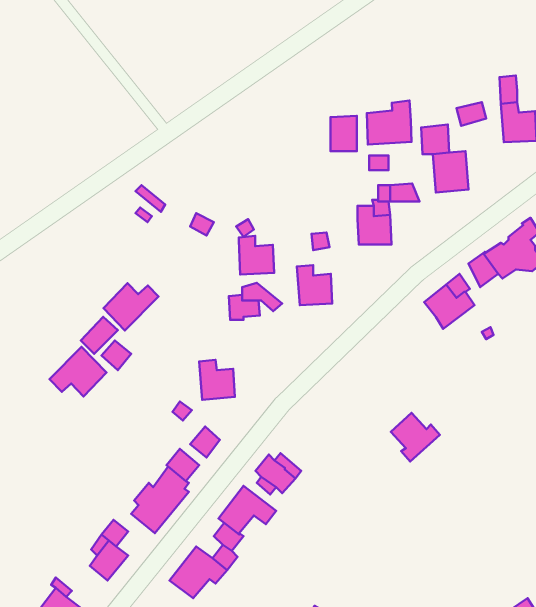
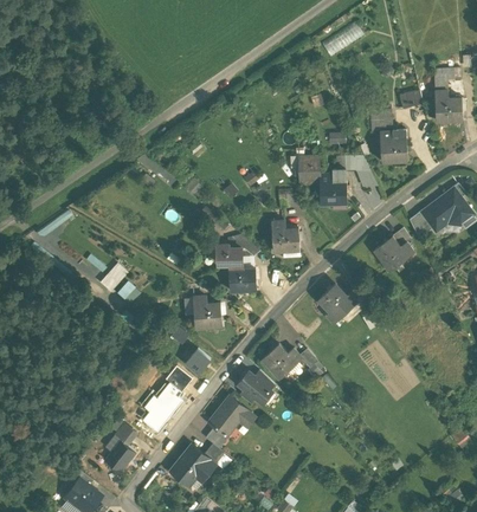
building: [367,101,411,144] -> none
building: [330,116,357,151] -> [298,155,320,183]
building: [239,236,274,274] -> [228,260,257,291]
building: [103,283,158,330] -> none
building: [49,347,106,396] -> none
building: [391,413,440,462] -> [317,284,356,323]
building: none -> [262,344,302,378]

